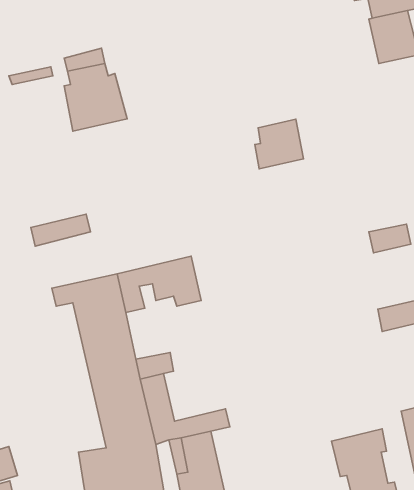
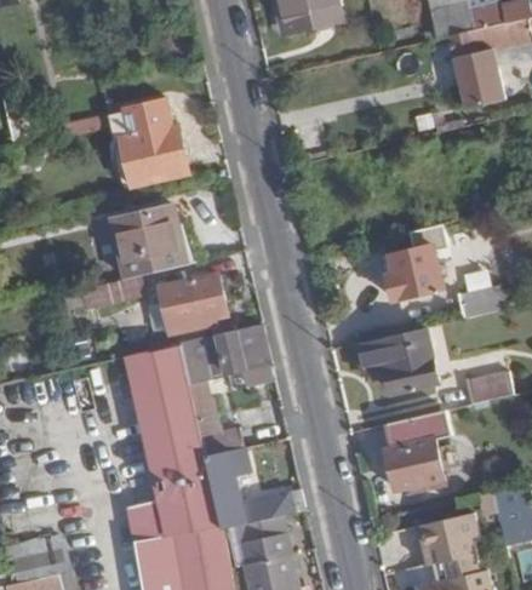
building: [255,119,303,169] -> [385,247,439,302]
building: none -> [110,206,185,279]
building: none -> [162,276,222,330]
building: none -> [355,328,435,393]
building: none -> [383,412,446,489]

